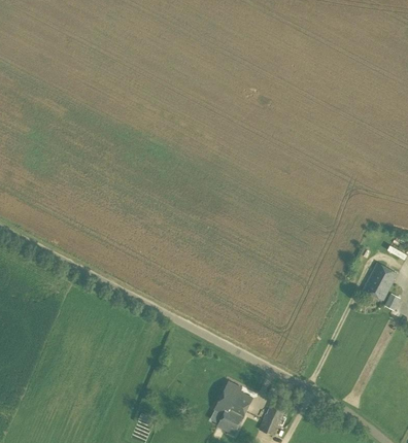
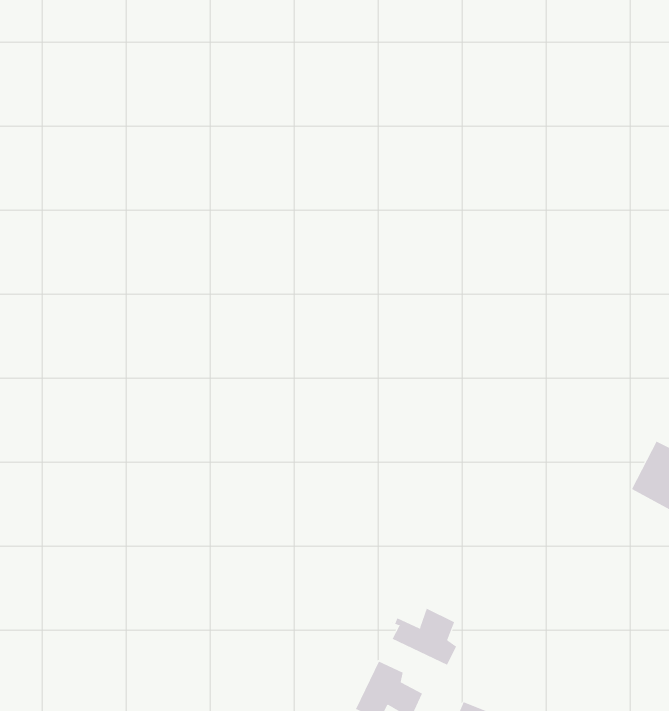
building: none -> [391,608,457,666]

